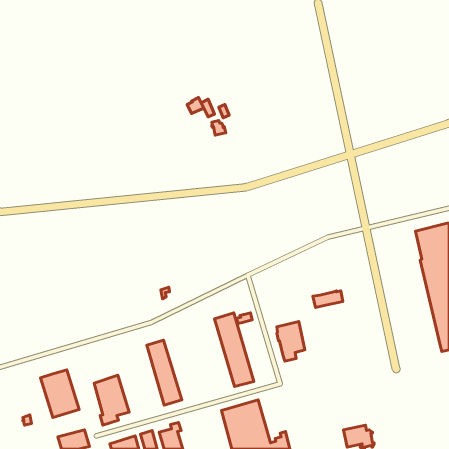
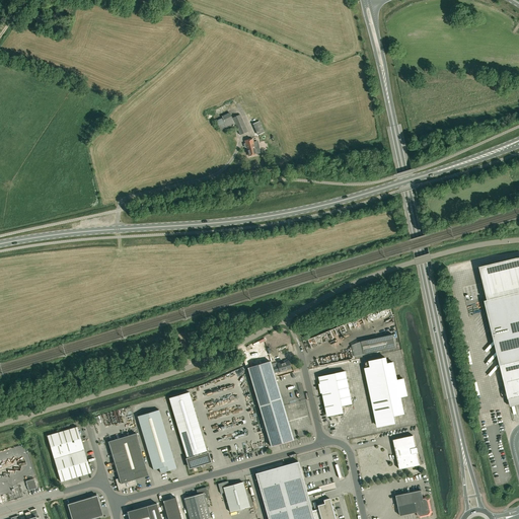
building: none -> [365,358,406,427]
building: none -> [138,410,176,473]
building: none -> [393,436,420,469]
building: none -> [218,481,250,512]

